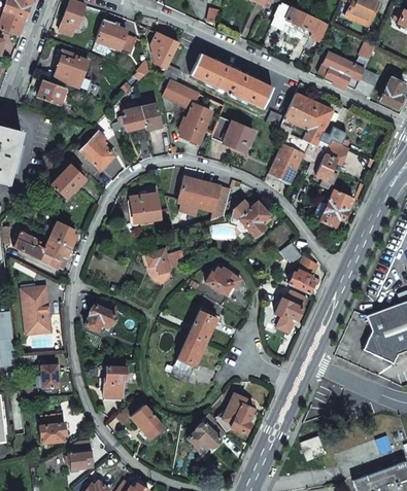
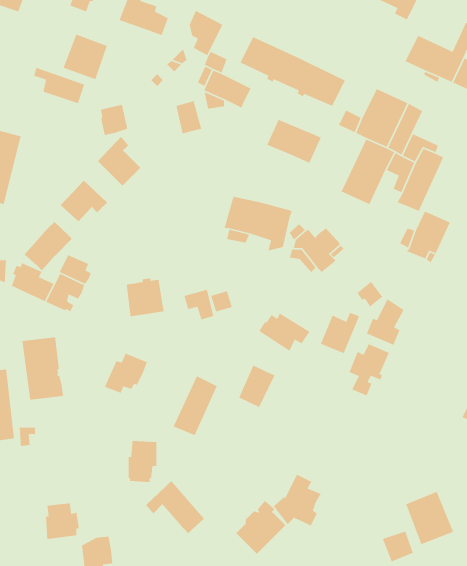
building: [180,104,212,143] -> none
building: [124,106,145,131] -> [100,104,128,136]
building: [131,191,161,222] -> [126,277,164,317]
building: none -> [24,221,73,271]
building: none -> [320,312,360,354]
building: [171,334,206,381] -> [173,375,218,436]
building: [37,364,59,387] -> none
building: none -> [405,491,454,545]

